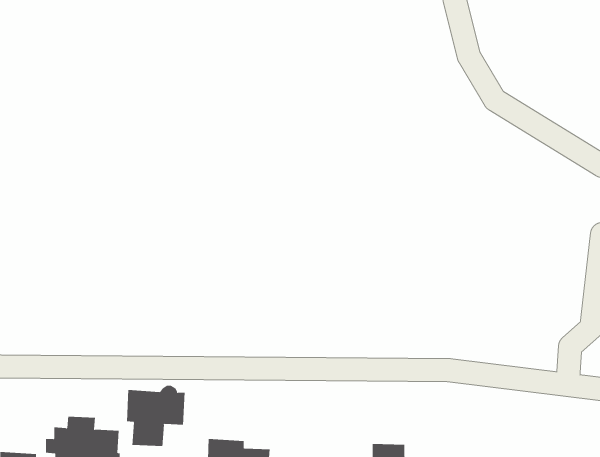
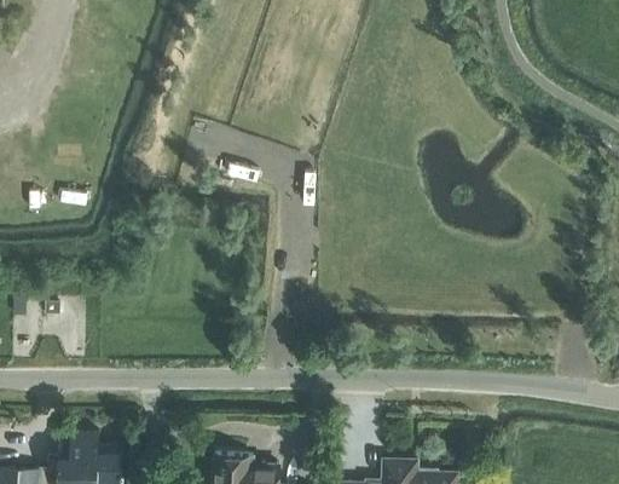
building: [126,385,185,447] -> none

